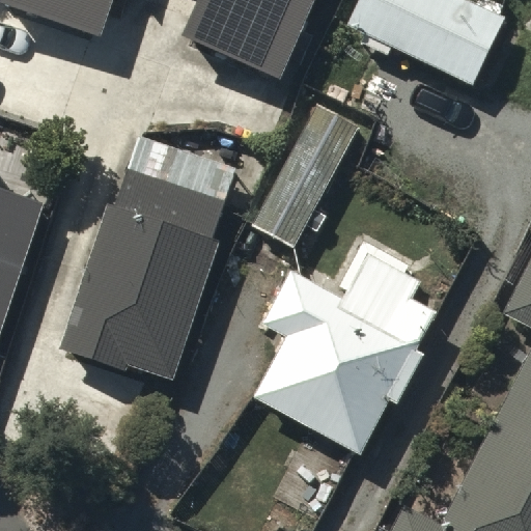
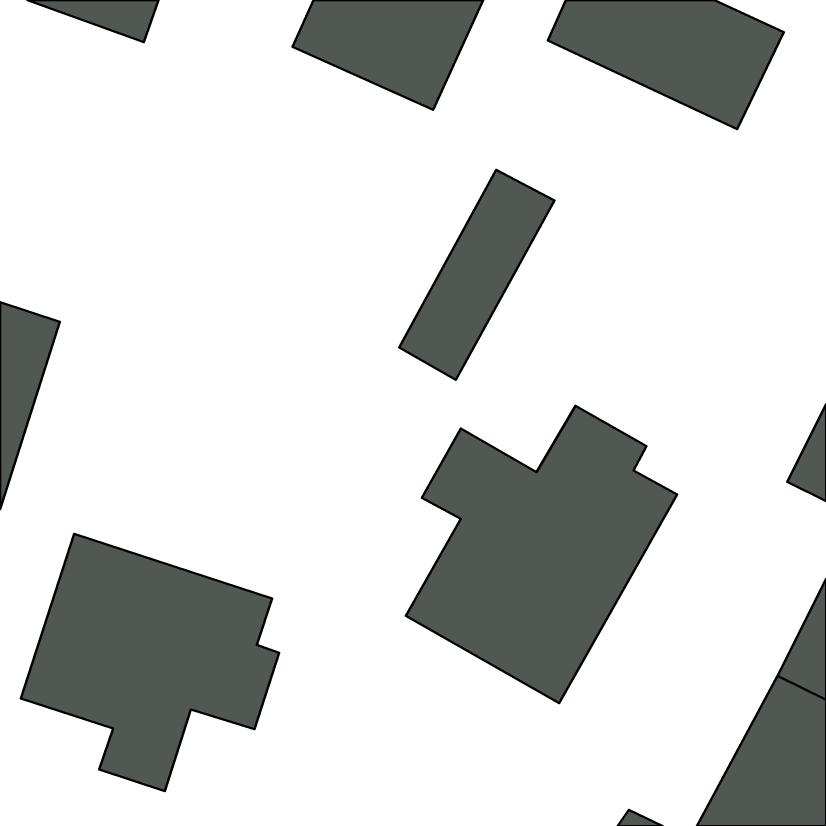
building: [72,138,233,375] -> none
building: none -> [21,534,279,791]

